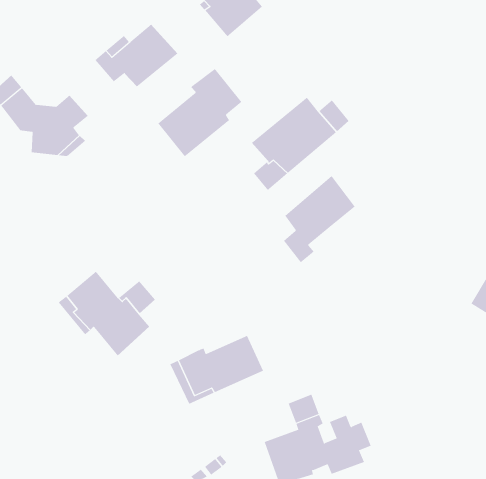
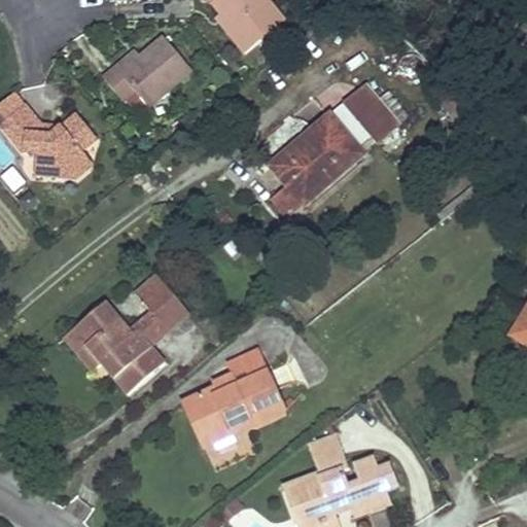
building: [158,68,242,157] -> none
building: none -> [344,85,395,140]
building: [283,175,355,263] -> none
building: none -> [134,274,189,331]
building: none -> [212,348,266,389]

